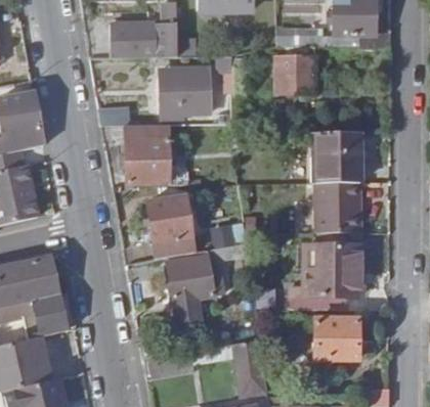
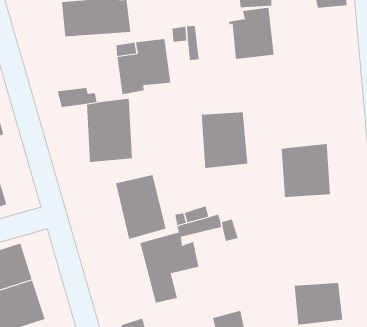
building: [317,131,360,184] -> [201,112,248,169]
building: [290,244,359,310] -> none

